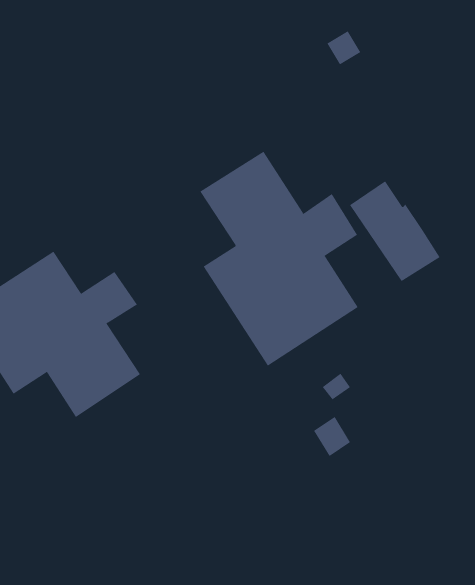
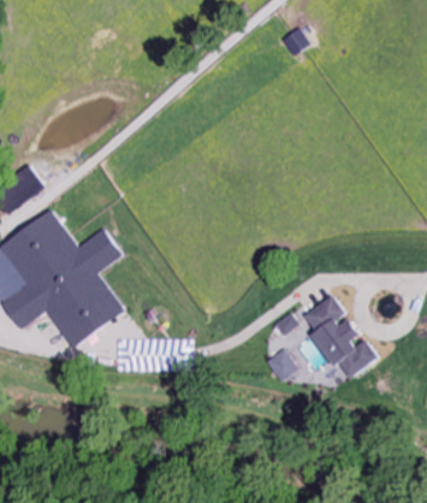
building: [200,151,358,367] -> none
building: [349,180,440,282] -> [303,295,379,379]

